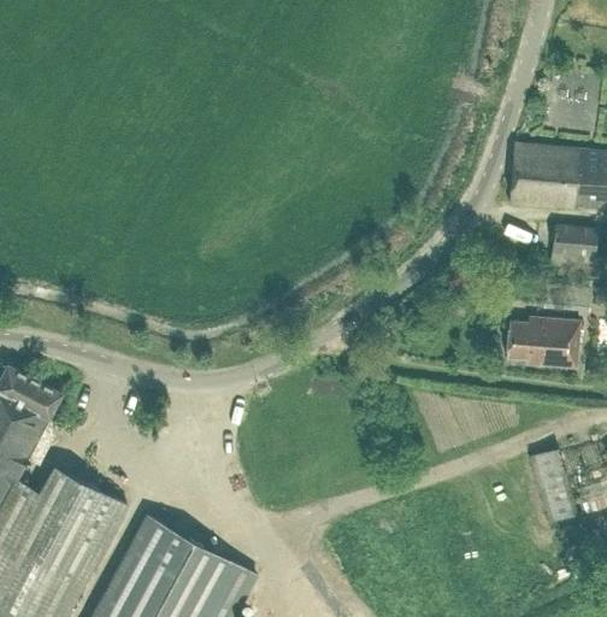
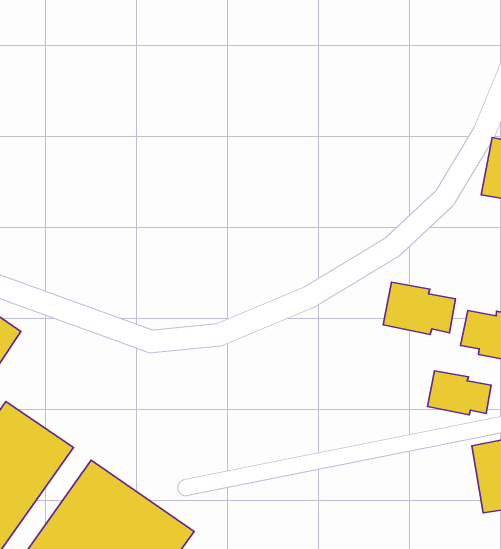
building: none -> [383,282,455,334]
building: none -> [428,371,491,415]

